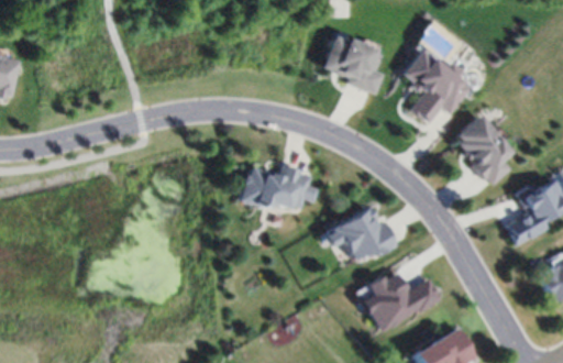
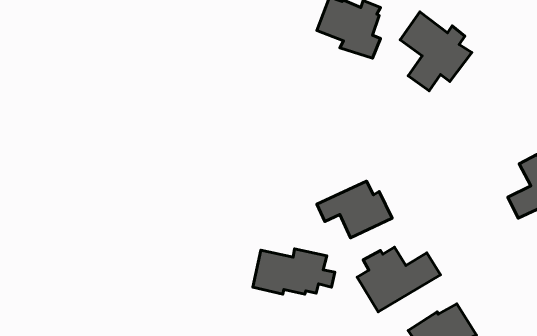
building: [454,116,515,188] -> none
building: [243,167,321,210] -> [253,249,335,294]

